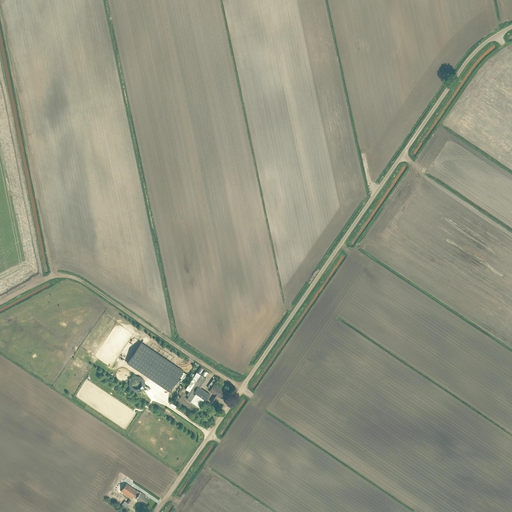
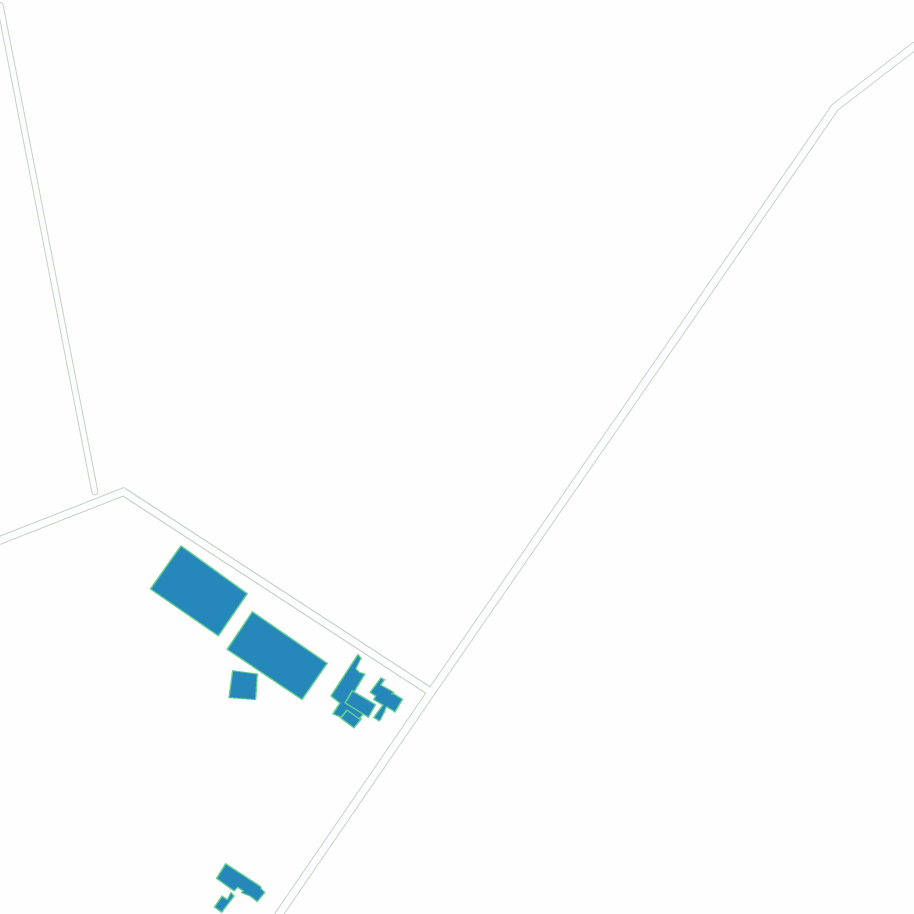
building: none -> [151,546,247,636]

